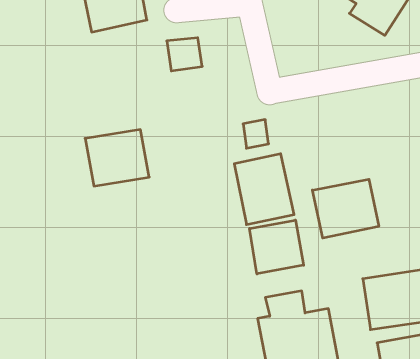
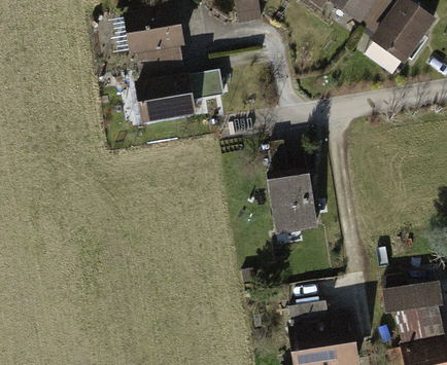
building: [85,130,149,186] -> [133,72,193,124]
building: [312,179,379,238] -> none
building: [250,220,304,274] -> none

